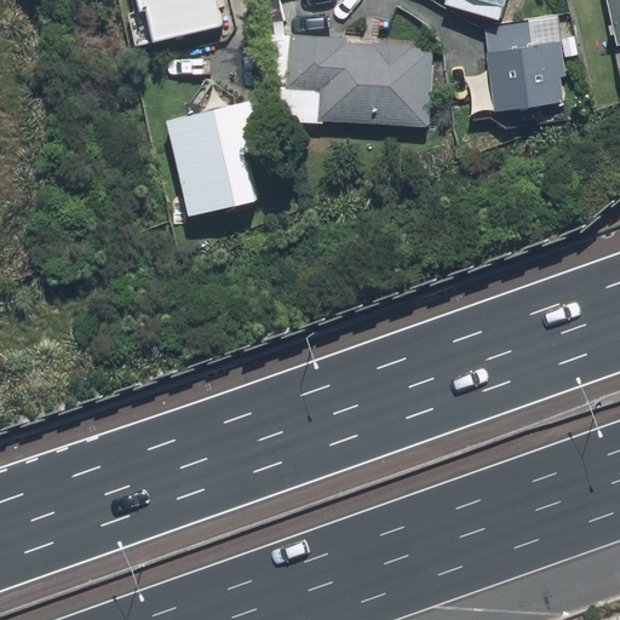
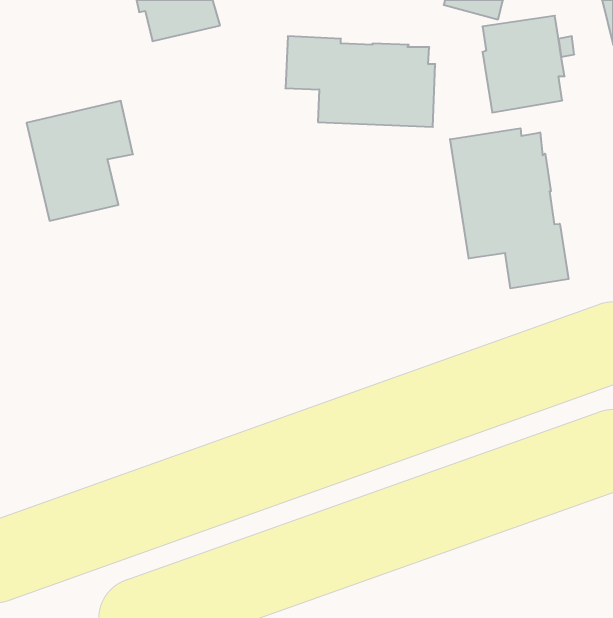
building: [165,96,271,216] -> [27,101,133,221]
building: none -> [450,128,569,288]

